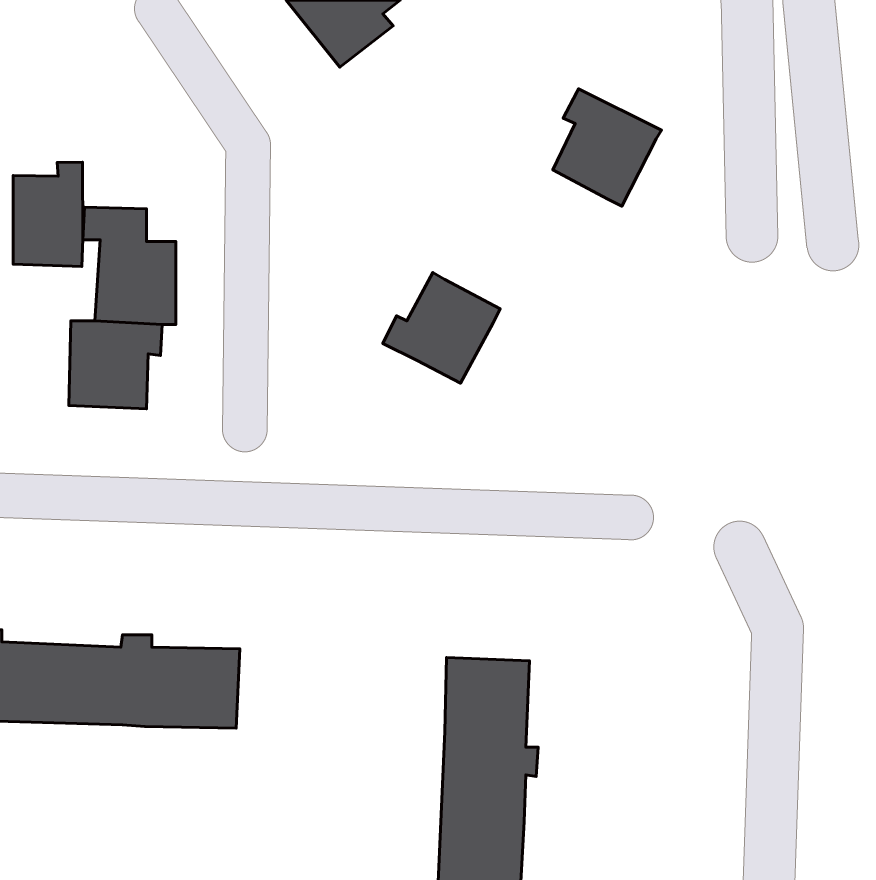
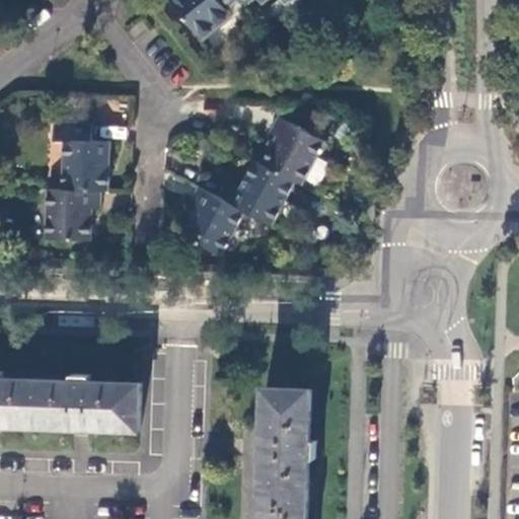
building: [553,89,661,206] -> [262,118,325,187]
building: [13,162,83,266] -> none
building: none -> [182,189,245,255]

